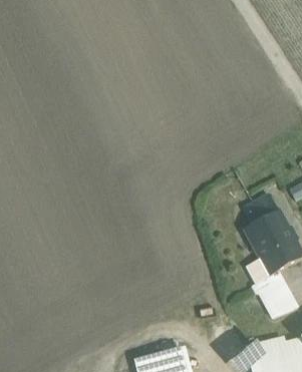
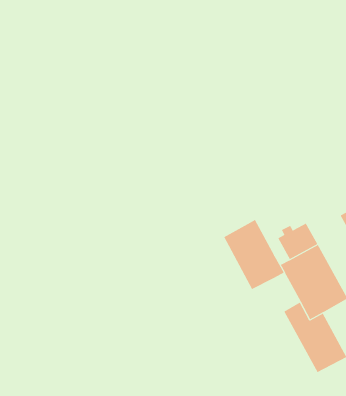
building: none -> [224,219,284,290]

